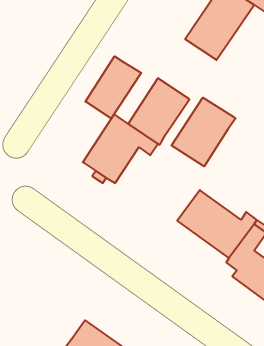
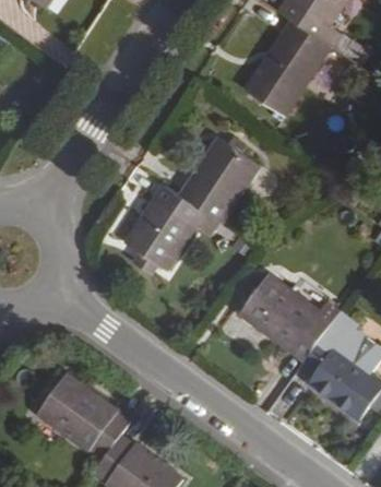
building: [85,56,141,119] -> none
building: [172,98,236,166] -> none
building: none -> [43,378,134,461]

